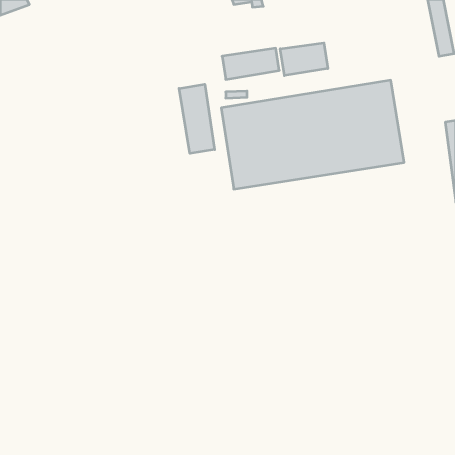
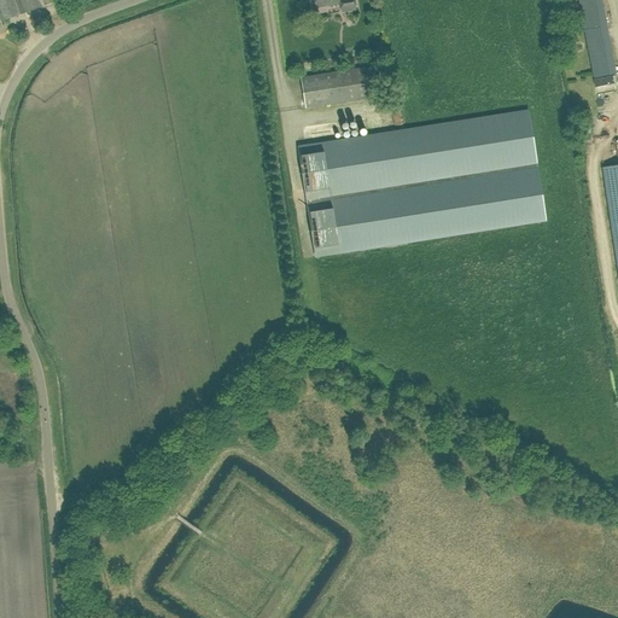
building: [280,43,328,76] -> none
building: [179,84,215,153] -> none

